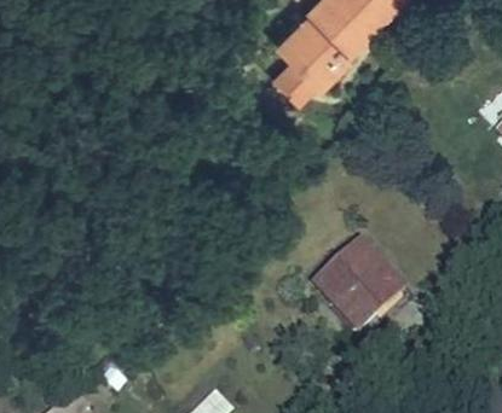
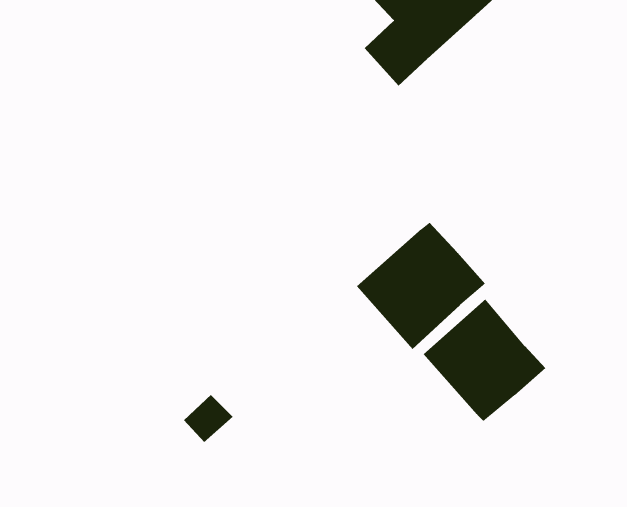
building: none -> [356,222,486,350]

